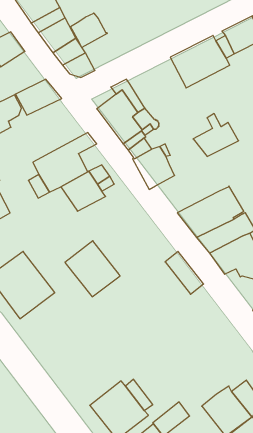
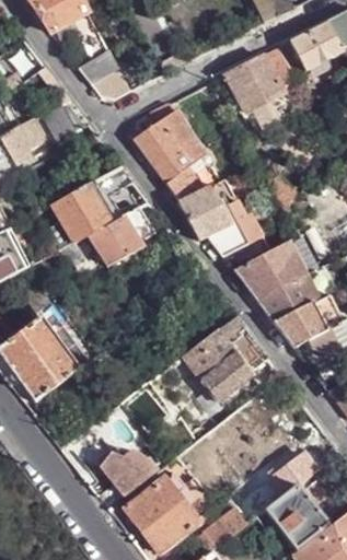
building: [71,13,107,47] -> none
building: [193,114,239,156] -> [206,202,263,256]
building: [65,241,120,297] -> [183,329,252,399]
building: none -> [100,445,158,495]
building: none -> [267,454,315,494]

